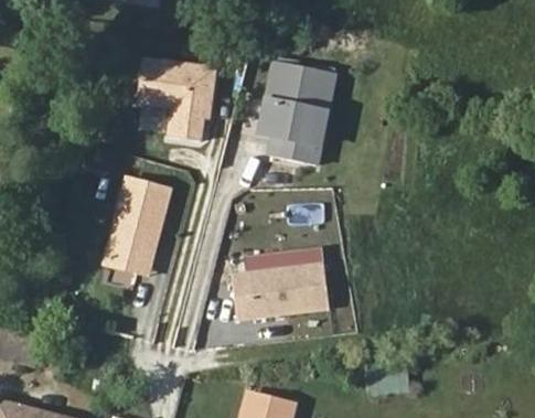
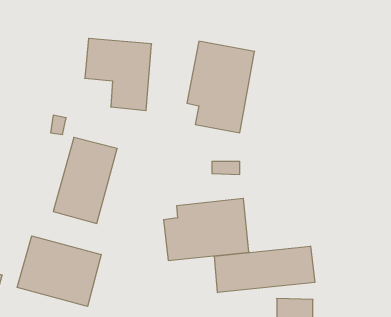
building: none -> [17,236,101,306]
building: none -> [215,246,315,293]

